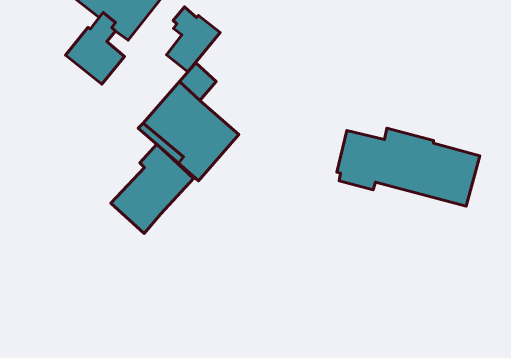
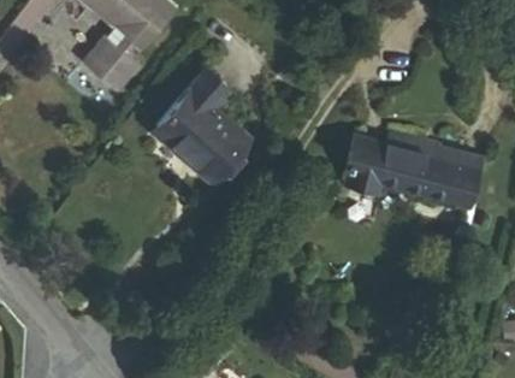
building: [166,7,220,72] -> none
building: [111,144,193,234] -> none

